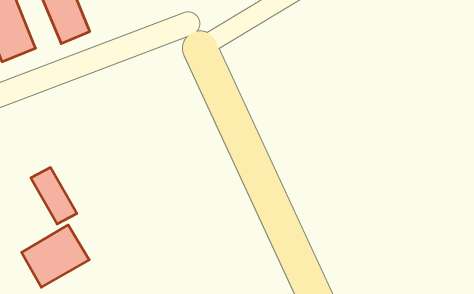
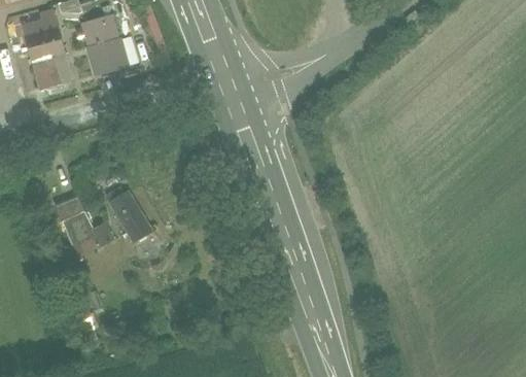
building: none -> [108,187,149,235]
building: [22,225,89,287] -> none

